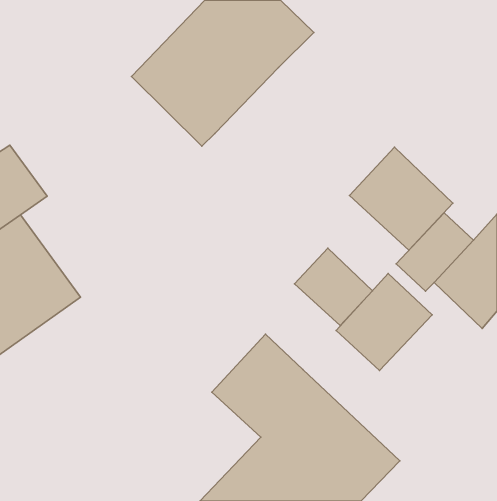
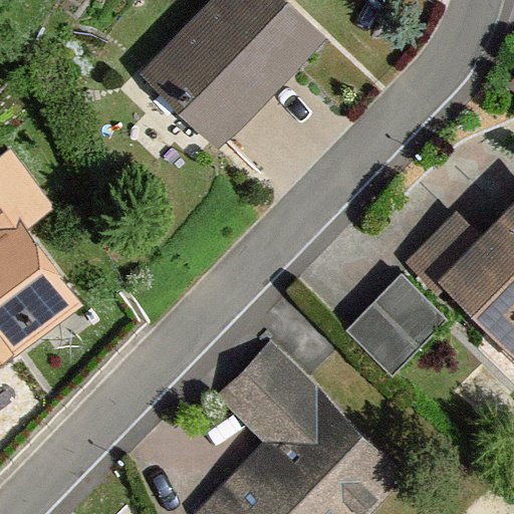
building: [349,147,453,250] -> none
building: [295,248,373,325] -> none

